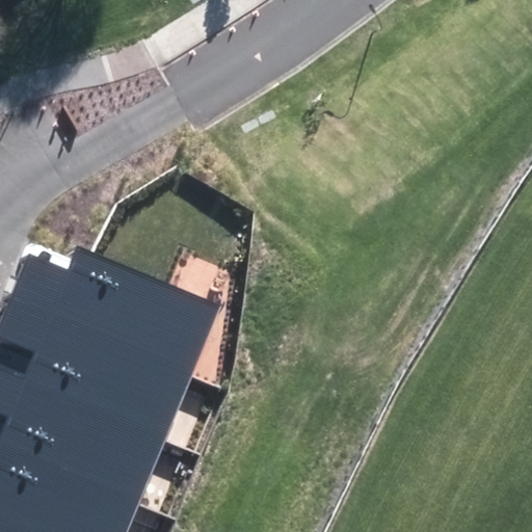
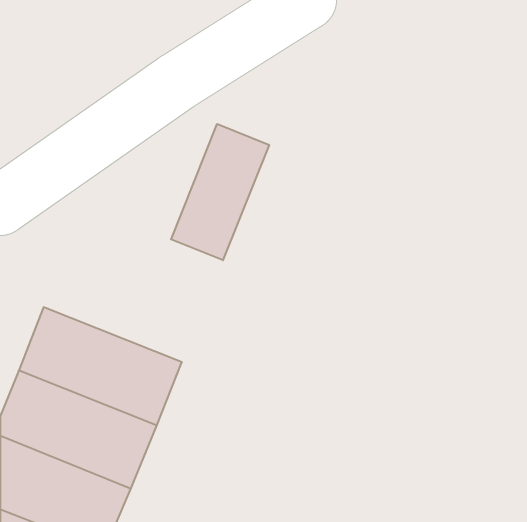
building: none -> [171,124,269,260]
building: [48,252,212,371] -> none

